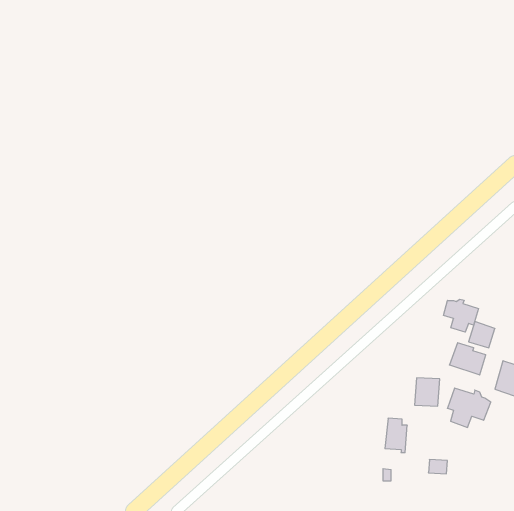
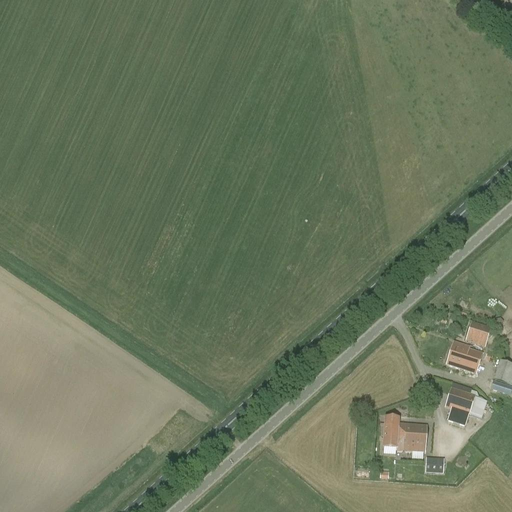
building: [444,299,479,332] -> none
building: [415,378,440,406] -> [403,422,428,450]

